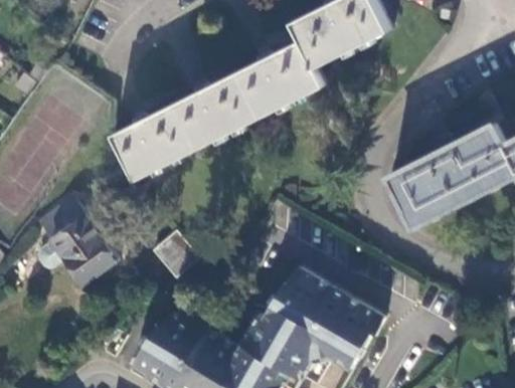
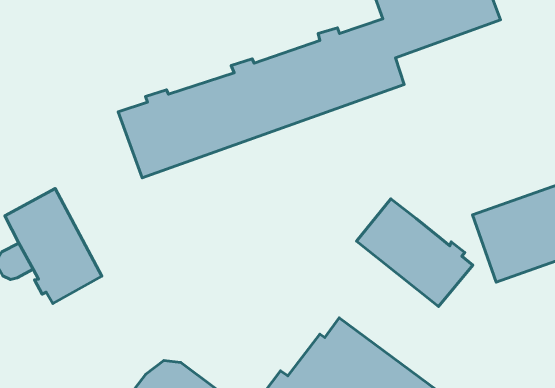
building: none -> [357,199,473,306]
building: [155,231,198,275] -> none

